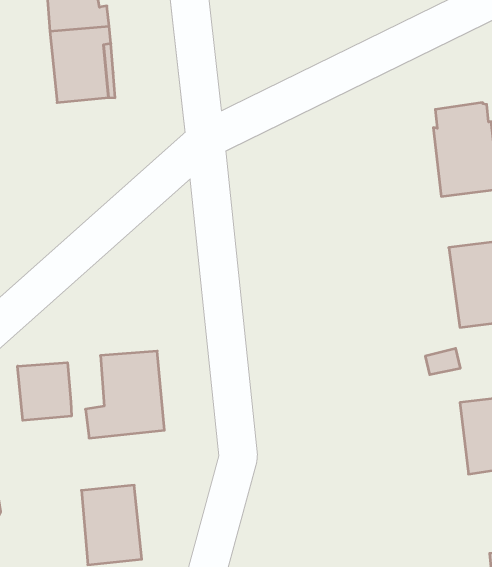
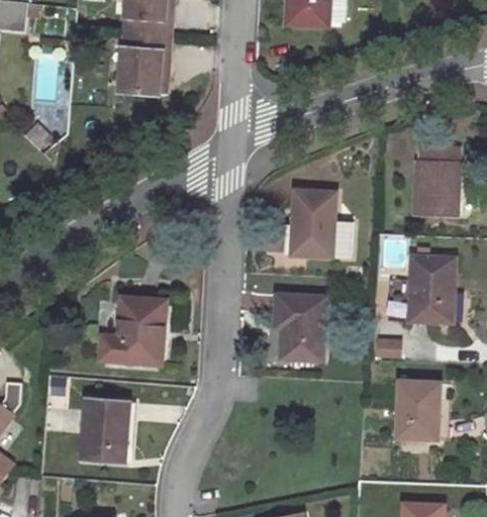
building: none -> [290,191,351,257]
building: none -> [273,295,324,359]
building: [18,363,71,420] -> none

